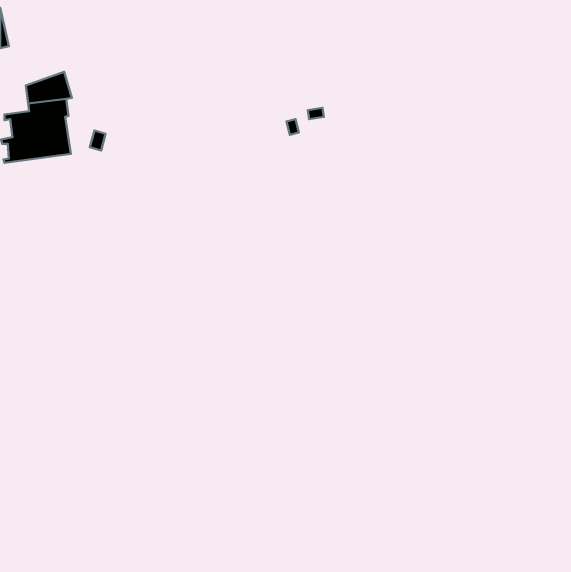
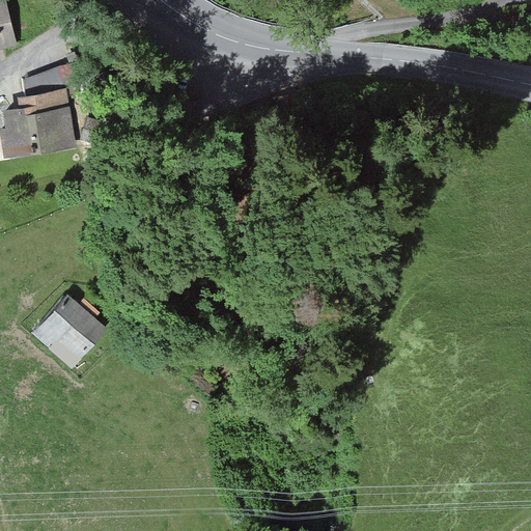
building: none -> [36,297,106,352]

